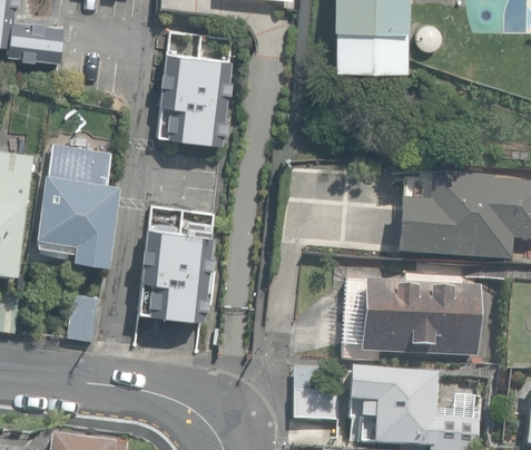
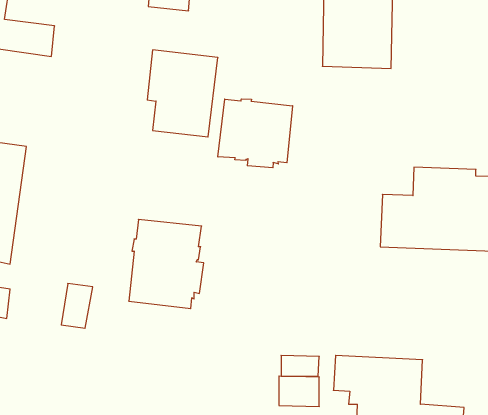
building: none -> [218,99,293,168]
building: [32,143,118,265] -> none
building: [361,281,480,358] -> none

